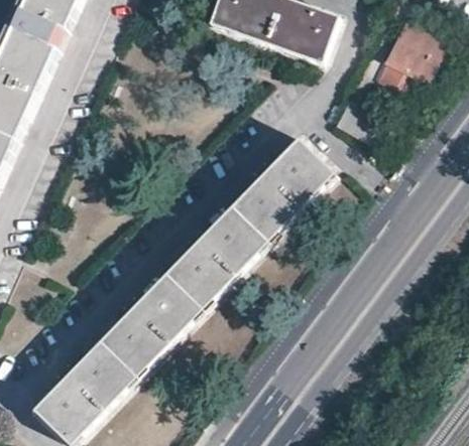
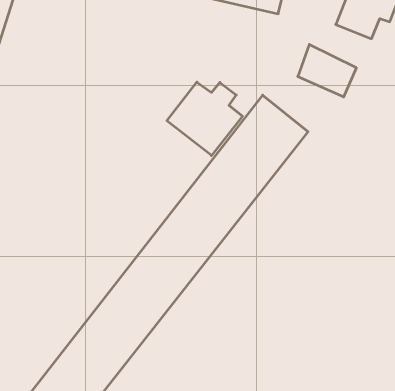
building: none -> [167,82,242,156]

